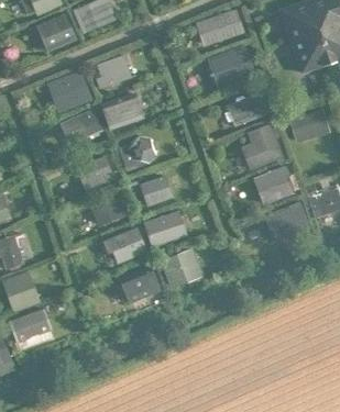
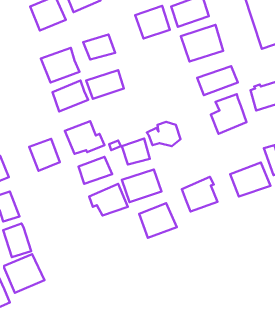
building: none -> [135,6,170,39]
building: [118,136,156,164] -> [147,122,181,146]
building: [254,165,295,204] -> [182,177,218,211]
building: none -> [29,139,60,171]
building: [118,264,161,303] -> none

